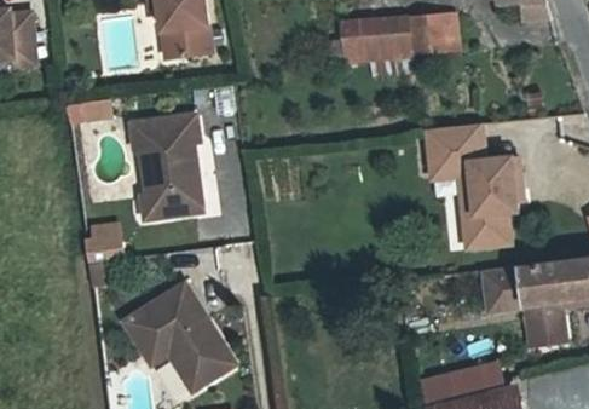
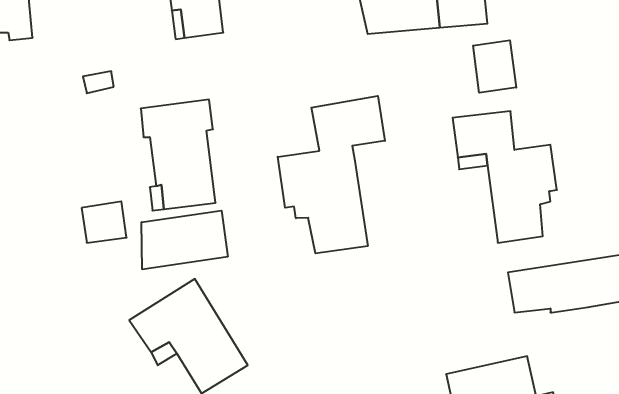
building: none -> [473,40,516,93]
building: none -> [278,96,385,253]
building: none -> [142,211,228,269]
building: [520,312,560,355] -> none

